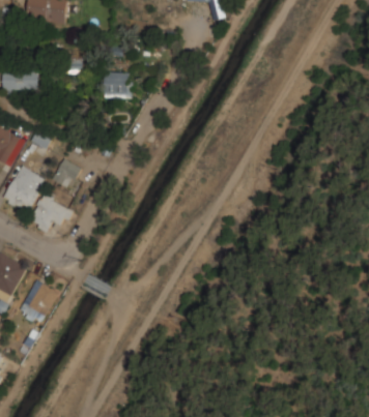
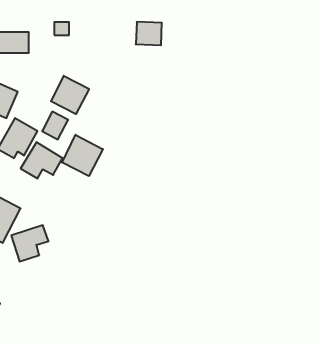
building: [103,73,132,99] -> [136,22,162,45]
building: none -> [51,76,89,114]
building: none -> [62,135,103,176]

